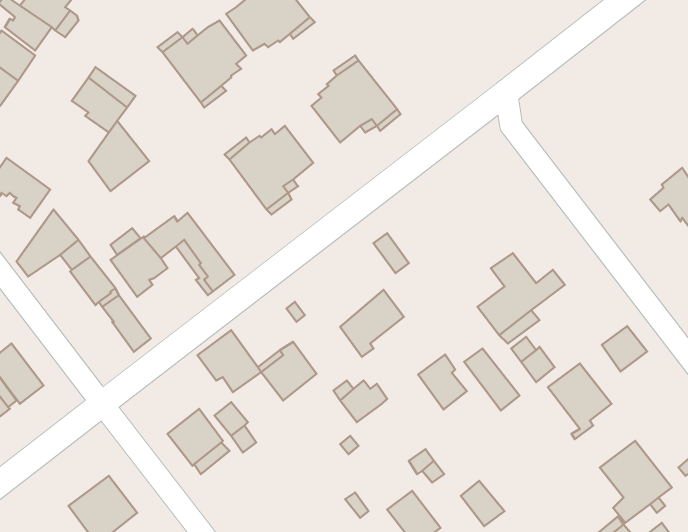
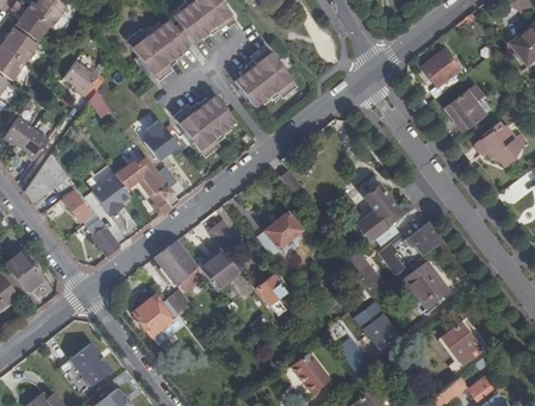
building: none -> [422,50,466,99]
building: none -> [444,86,485,132]
building: none -> [144,117,181,160]
building: [602,326,647,372] -> [408,223,440,255]
building: [418,354,467,410] -> [353,302,387,342]

